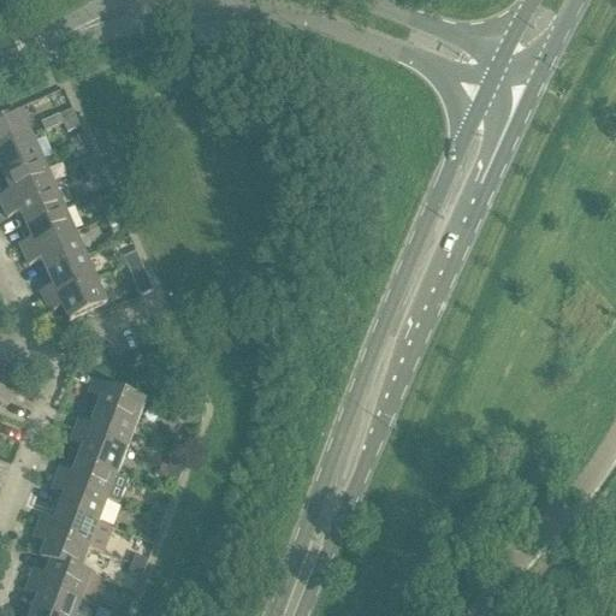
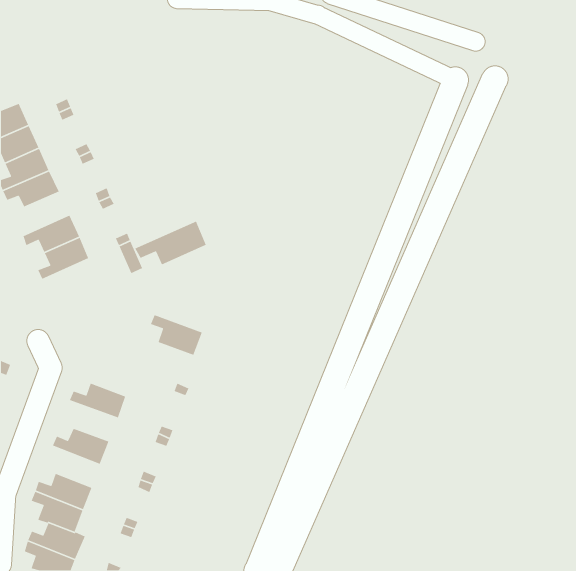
building: [19,205,75,251] -> none
building: none -> [134,221,207,266]
building: [45,276,107,318] -> none
building: [88,378,144,422] -> [150,314,203,356]
building: [70,427,126,470] -> none
building: [52,475,107,520] -> none

